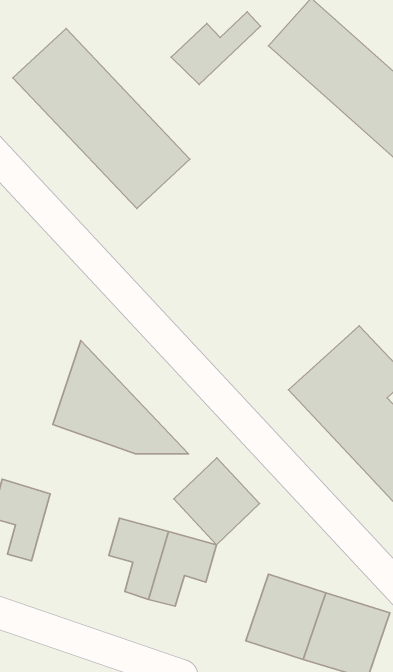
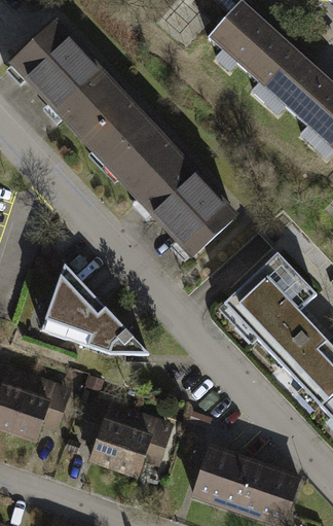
building: [171,12,260,84] -> none
building: none -> [107,125,235,255]
building: [174,458,260,545] -> none
building: none -> [26,383,78,441]

